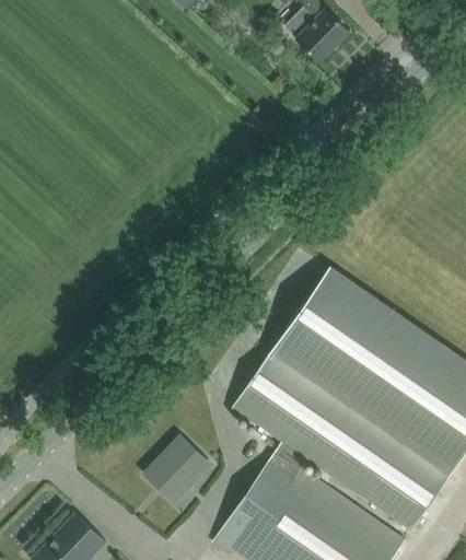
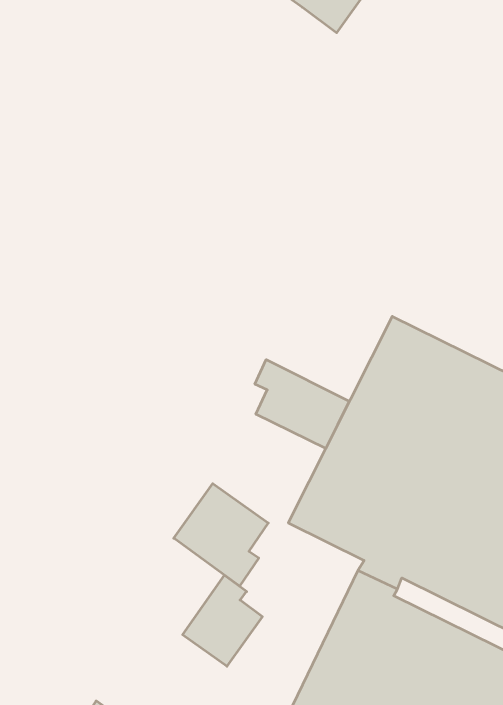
building: none -> [255,360,349,449]
building: none -> [174,484,268,586]

